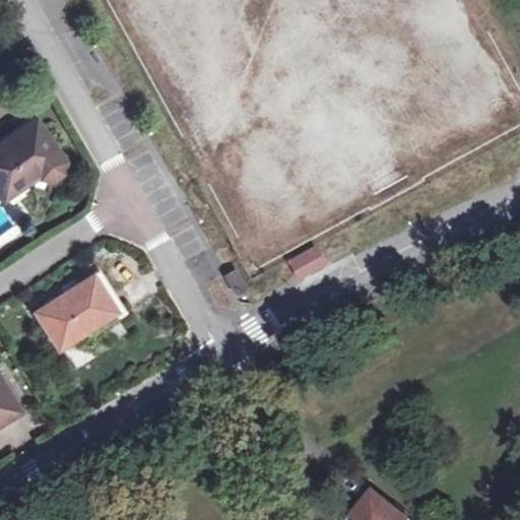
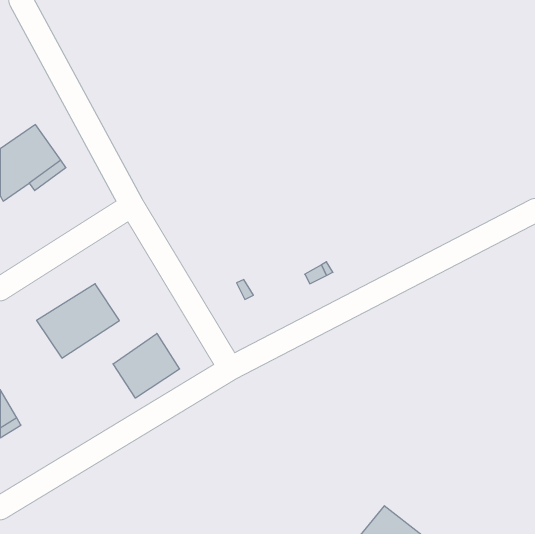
building: none -> [113,333,180,398]

